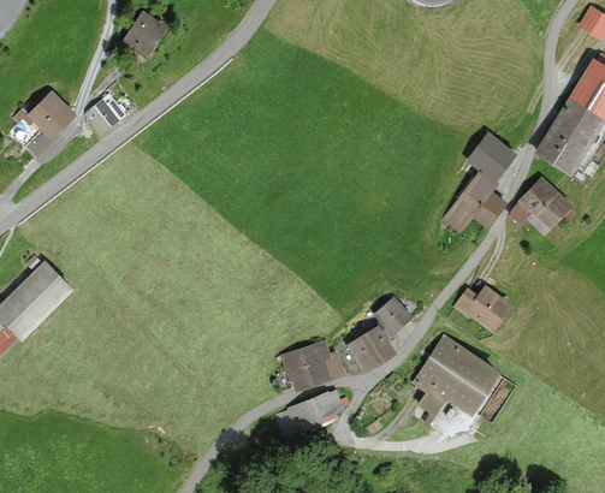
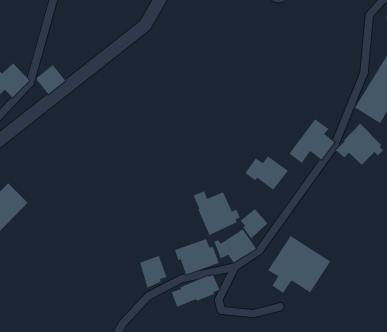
building: [123,11,170,58] -> none
building: [467,132,517,182] -> none
building: none -> [193,191,241,236]
building: [452,284,515,333] -> [245,156,289,191]
building: none -> [139,255,167,289]

